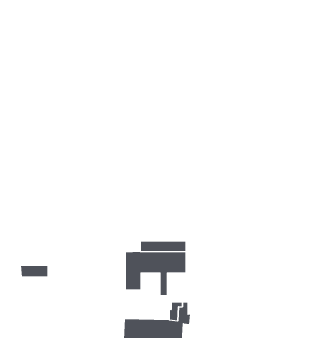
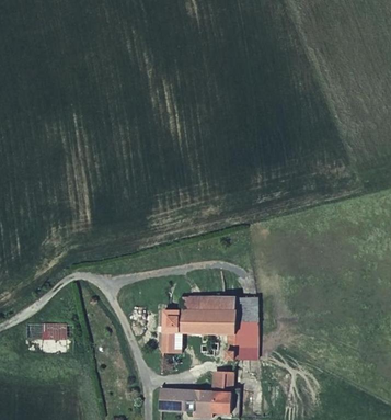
building: none -> [232,297,255,353]

